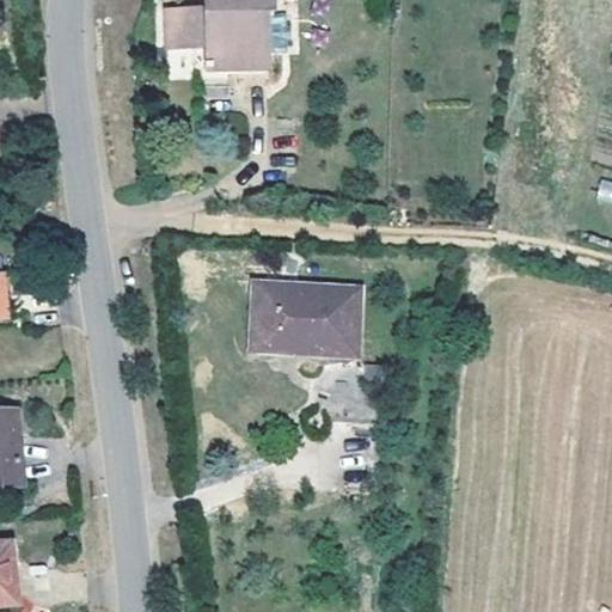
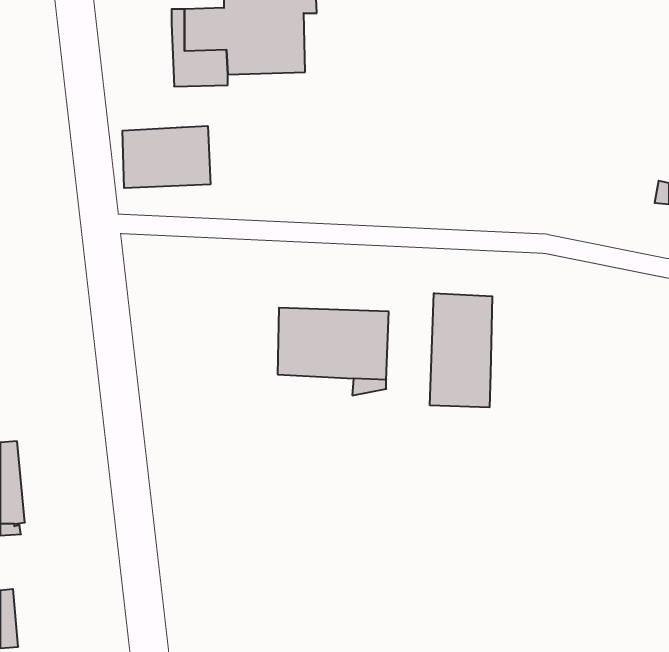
building: none -> [123,126,210,188]
building: none -> [430,293,492,407]

